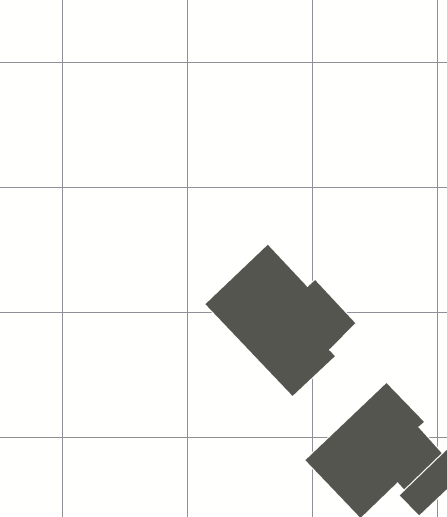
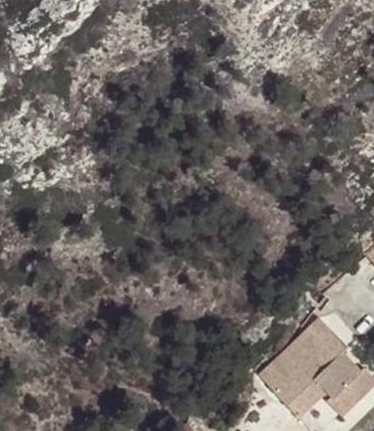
building: [204,244,356,397] -> none

